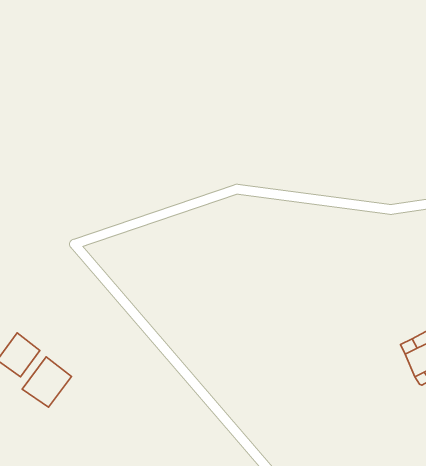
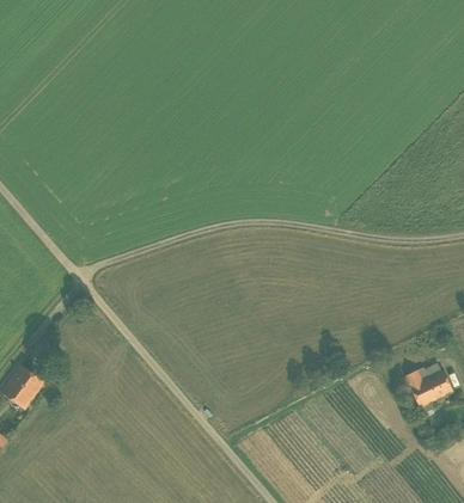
building: [22,357,71,407] -> none

